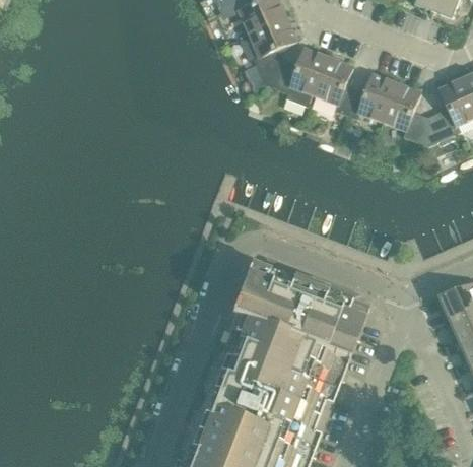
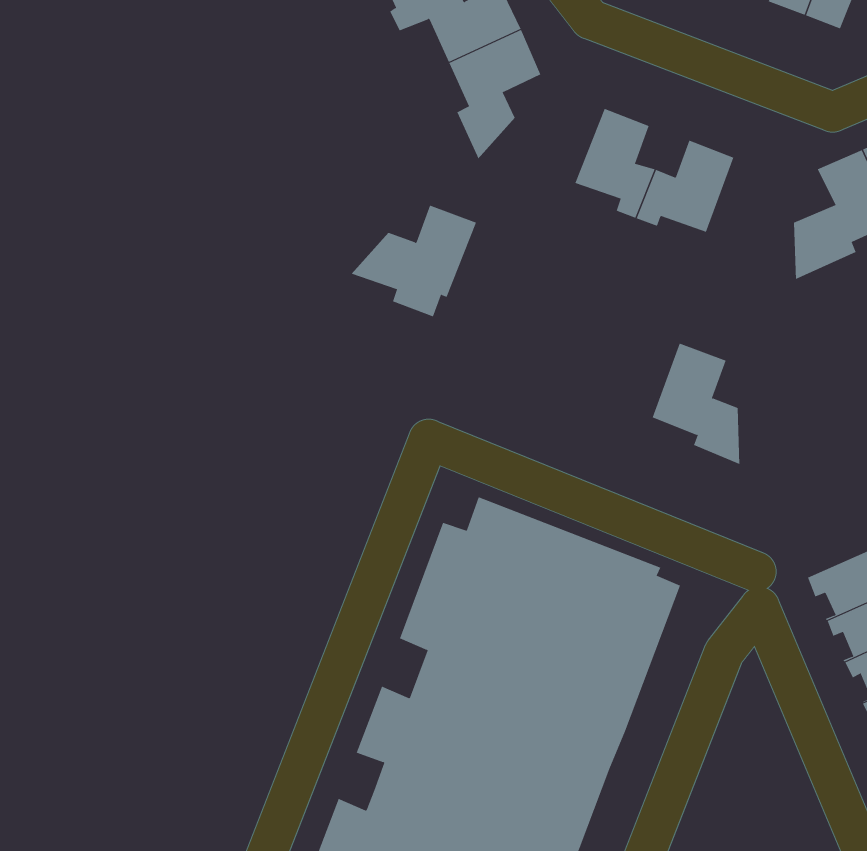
building: [265,49,330,107] -> [351,205,477,317]
building: [383,83,428,146] -> [652,343,740,465]

